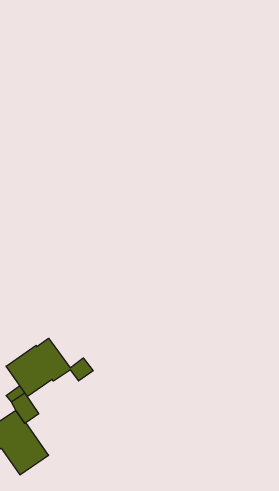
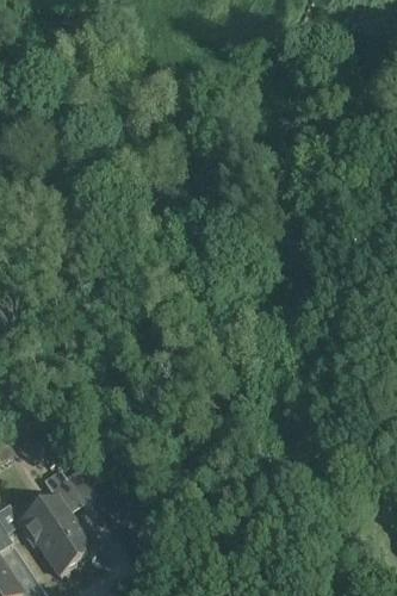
building: [6,338,93,396] -> none

